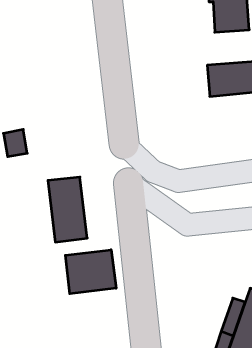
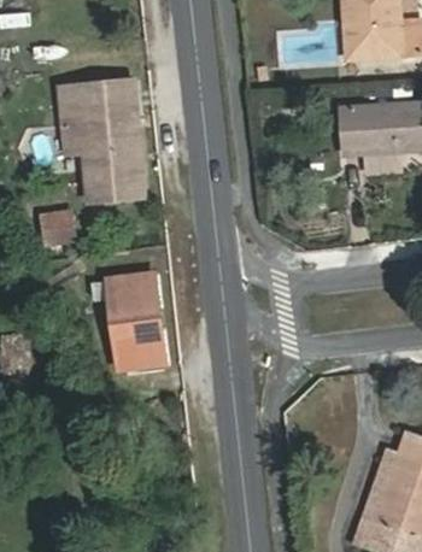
building: none -> [59,80,145,202]
building: [65,250,116,294] -> none

